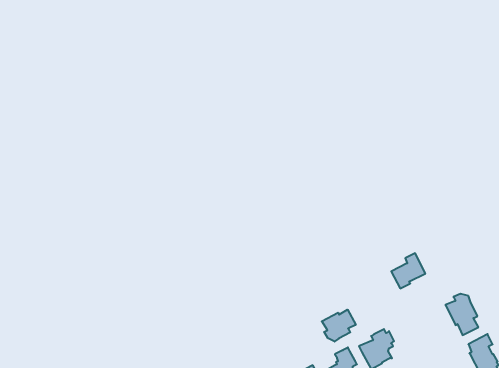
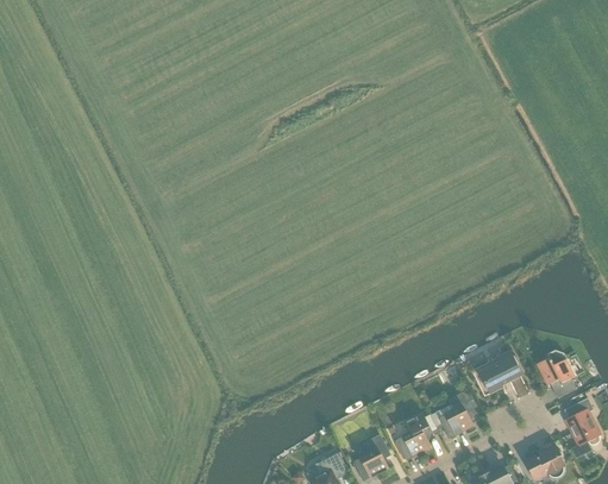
building: [391,253,425,288] -> [479,352,520,394]
building: [322,310,356,342] -> none

